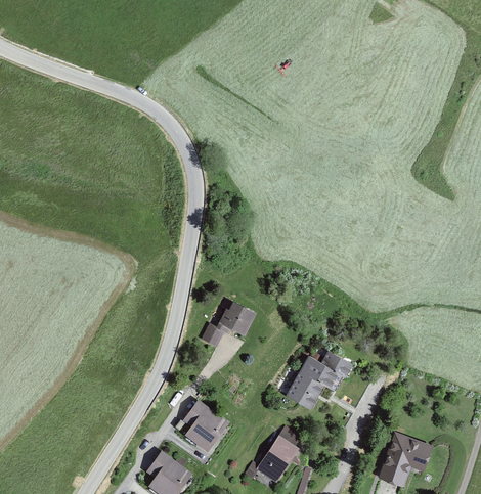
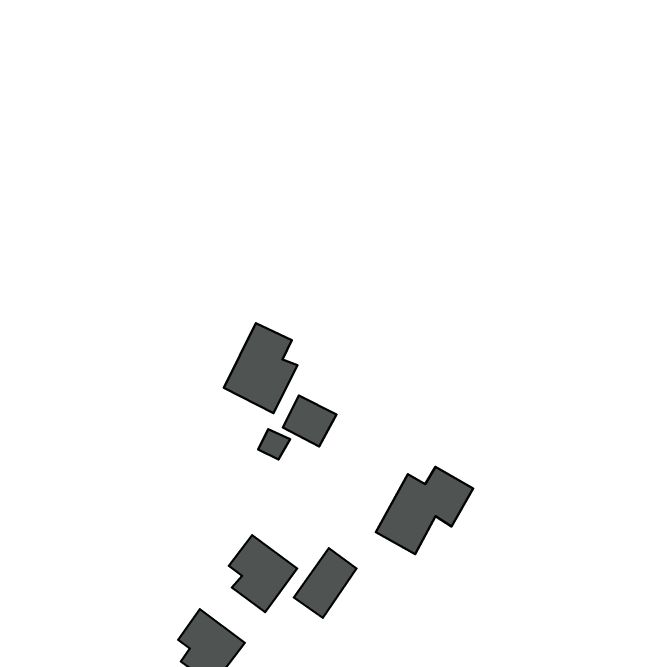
building: none -> [224,323,298,413]
building: [379,433,433,486] -> none
building: [255,434,299,483] -> [294,548,356,618]

